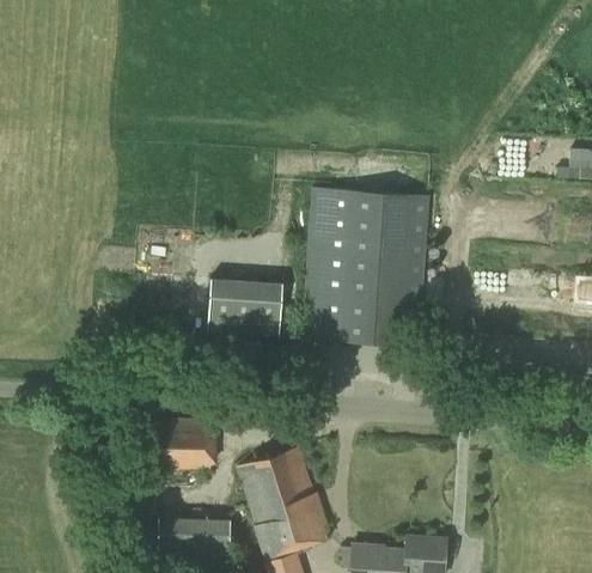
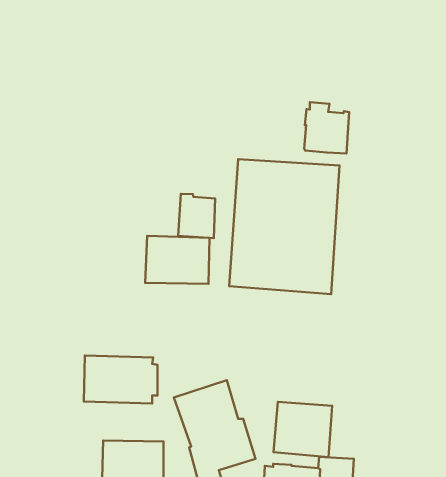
building: none -> [304,102,349,153]
building: none -> [178,194,215,238]
building: none -> [273,402,332,457]

